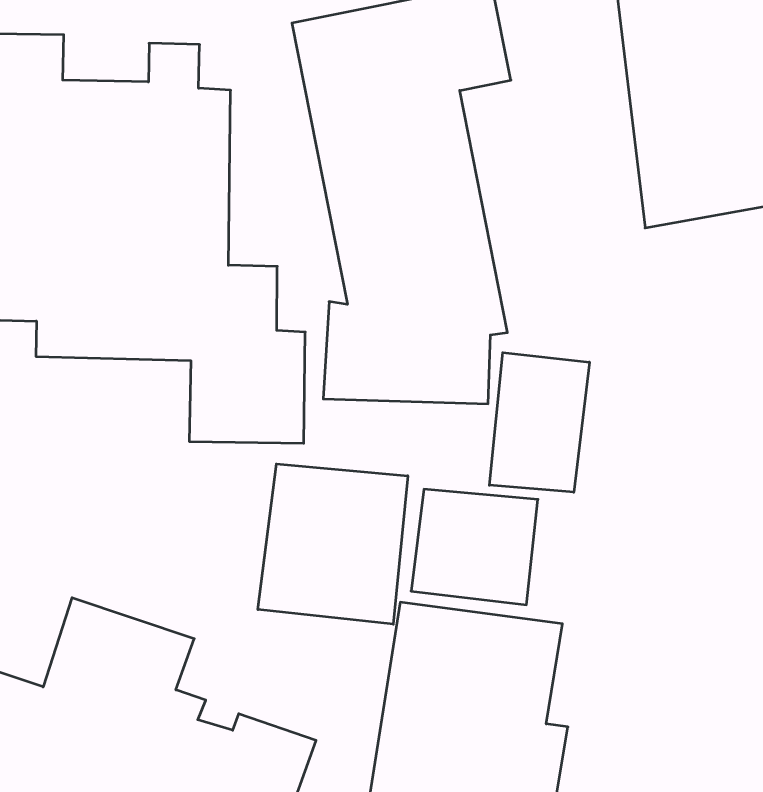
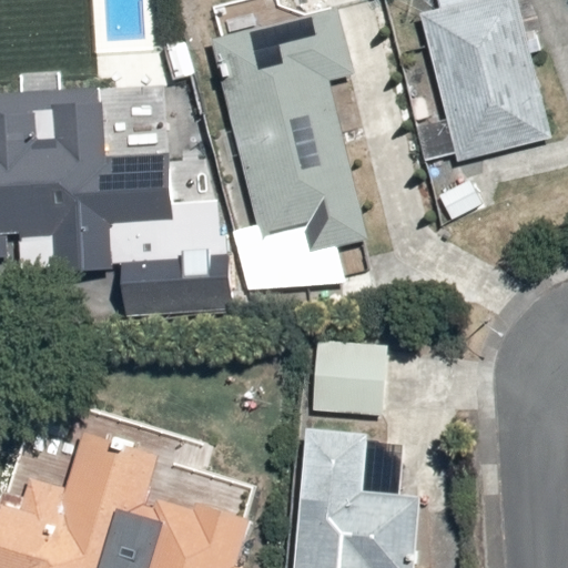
building: [489,353,589,492] -> none
building: [258,464,408,624] -> none

